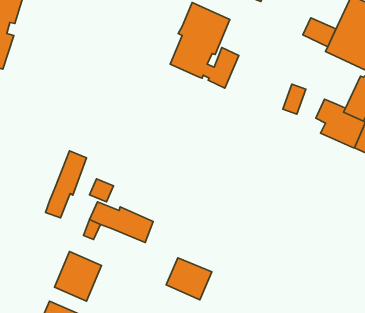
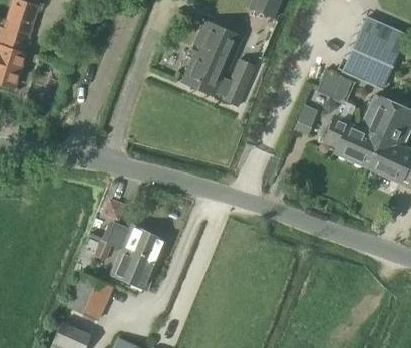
building: [303,18,336,47] -> [318,68,351,97]
building: [45,151,86,218] -> none
building: [166,258,212,300] -> [112,248,158,290]

